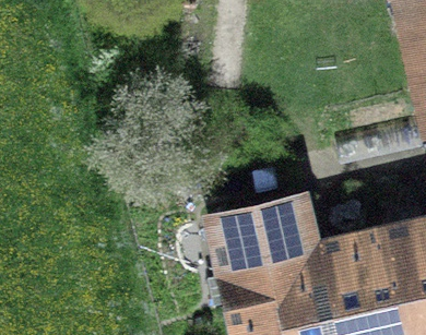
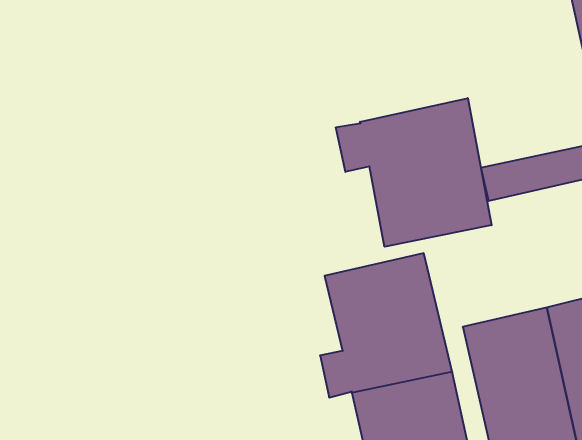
building: none -> [336,98,492,247]

